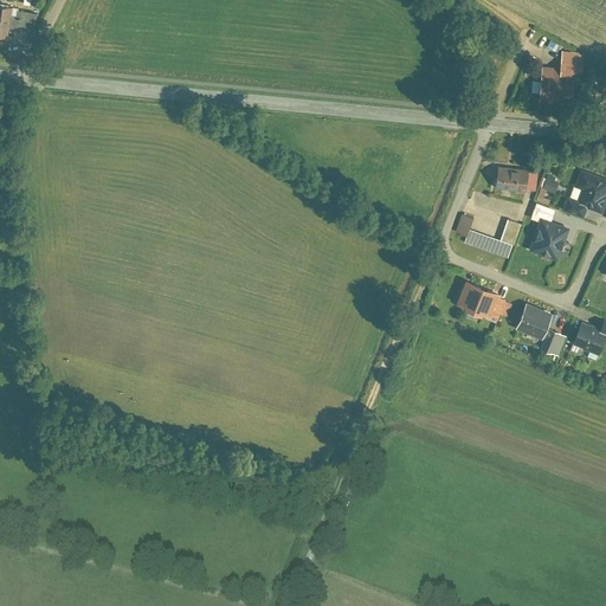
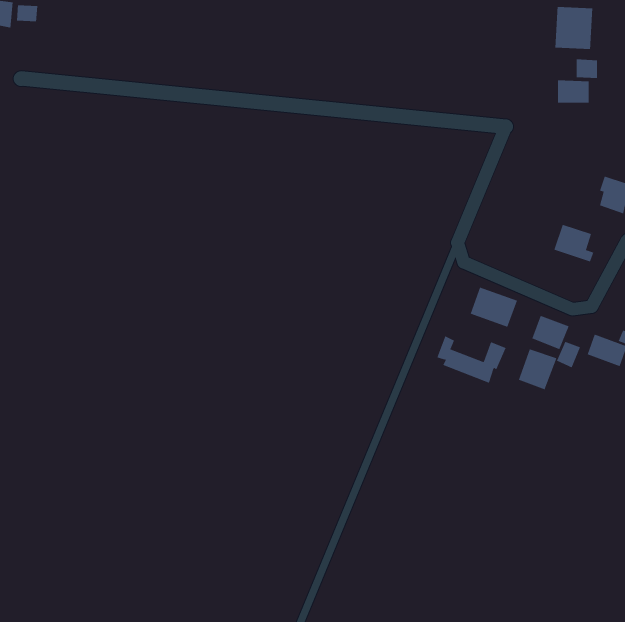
building: none -> [555,6,593,50]
building: [494,165,535,192] -> none
building: [454,214,522,260] -> [436,335,507,384]
building: none -> [518,349,557,390]

